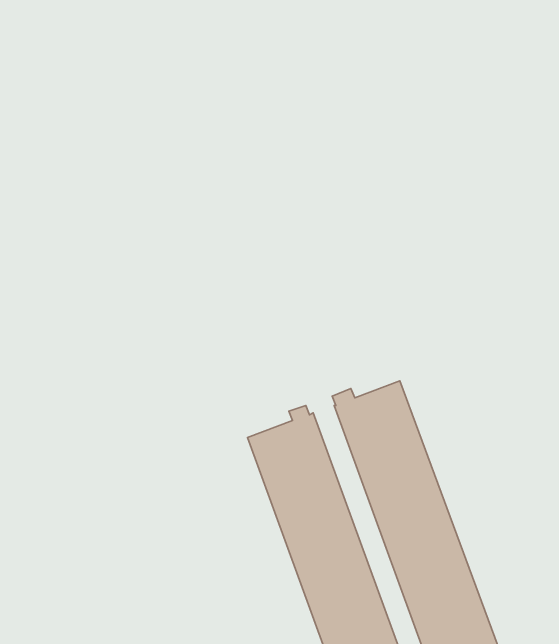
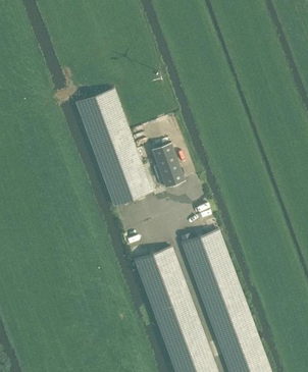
building: none -> [78,90,151,206]
building: none -> [152,142,186,188]

